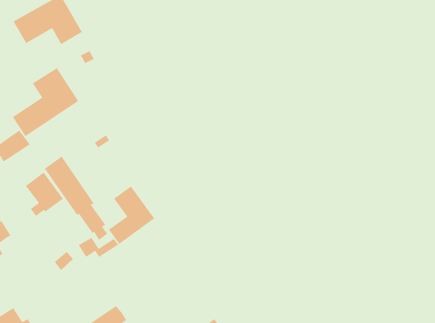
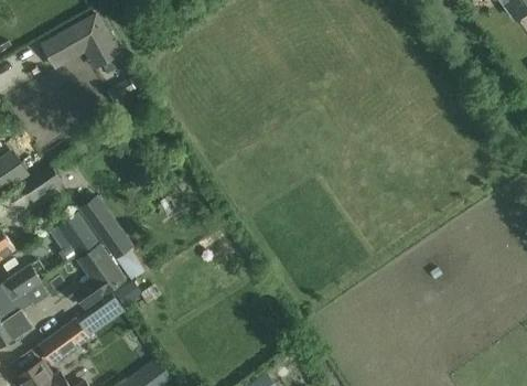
building: [12,67,79,137] -> none
building: [108,185,155,245] -> [75,243,127,308]
building: none -> [37,318,89,365]

